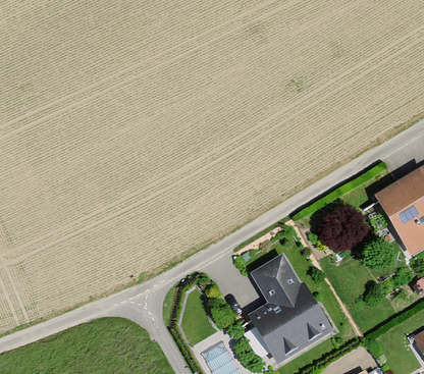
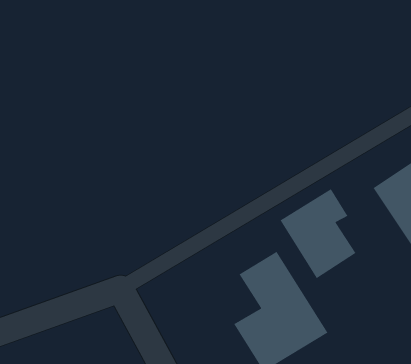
building: none -> [280,188,356,279]

